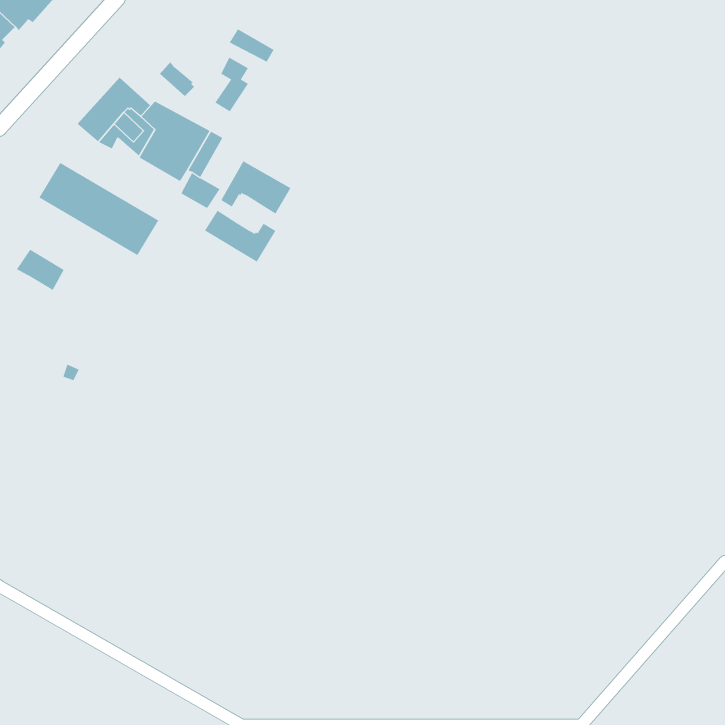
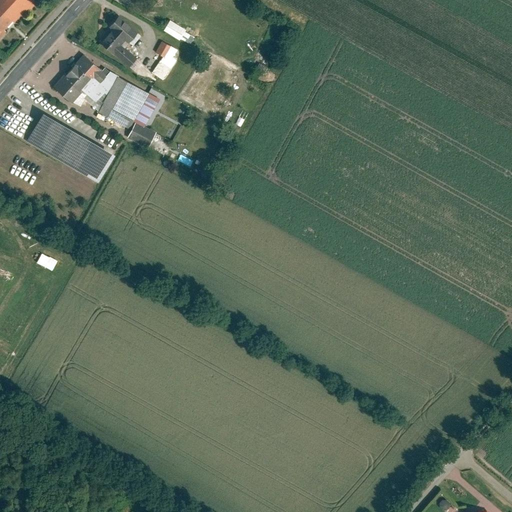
building: none -> [99,16,133,52]
building: [220,161,291,214] -> none
building: [204,210,276,262] -> none
building: [16,249,64,291] -> none

